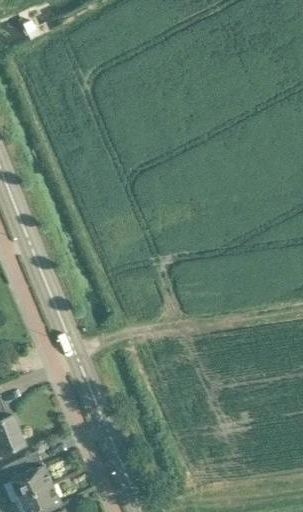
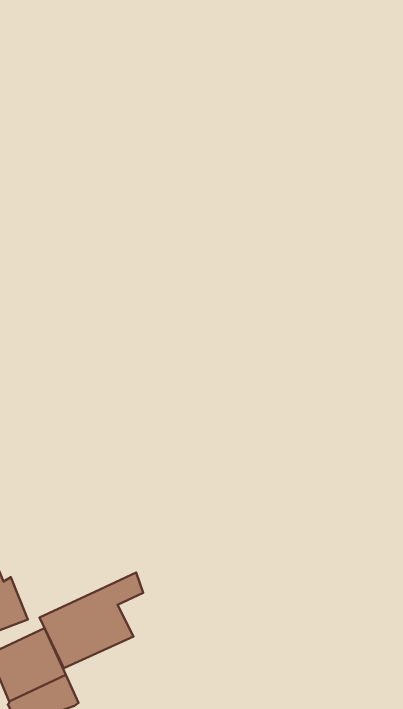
building: none -> [40,572,143,668]

